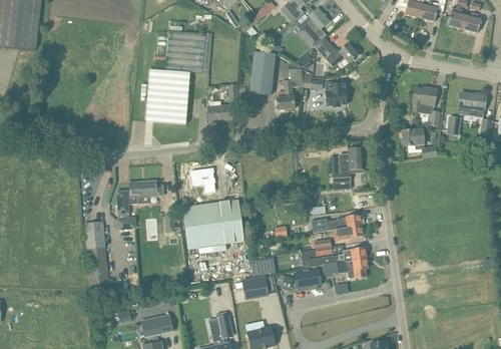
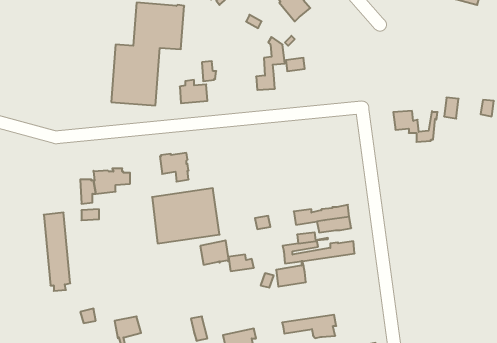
building: [316,35,358,66] -> none
building: [248,51,275,94] -> none
building: [325,80,346,105] -> none
building: [412,87,443,129] -> none
building: [457,92,486,116] -> none
building: [332,146,363,190] -> none
building: [319,258,368,279] -> [282,315,336,338]
building: [241,276,268,298] -> [200,240,229,265]

